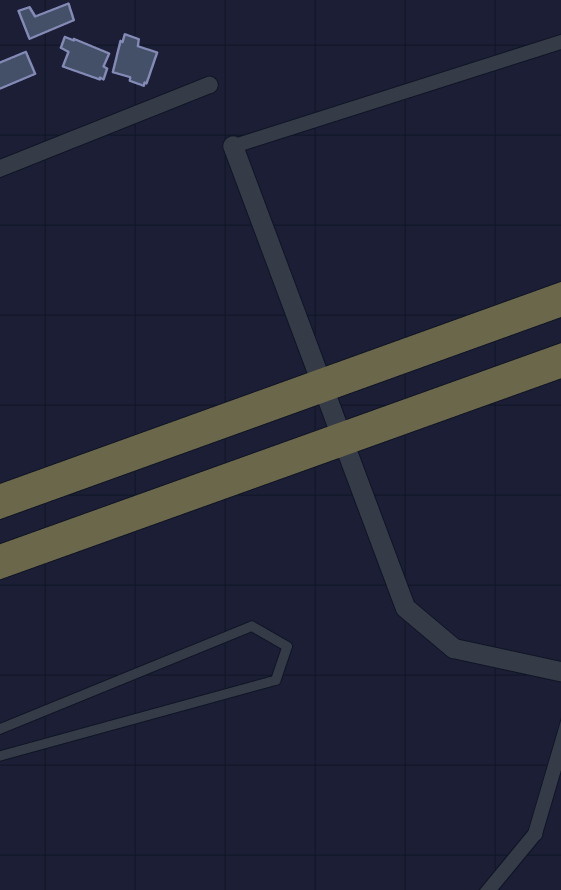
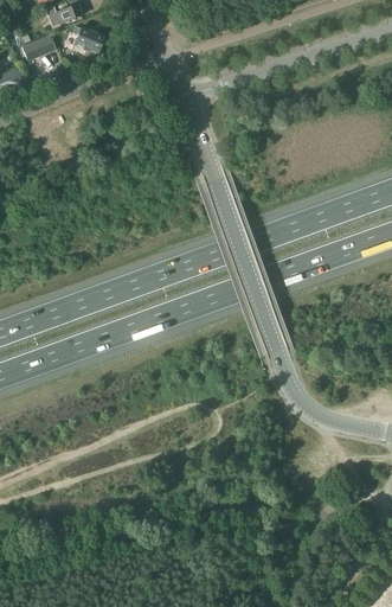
building: [113,34,157,86] -> none

